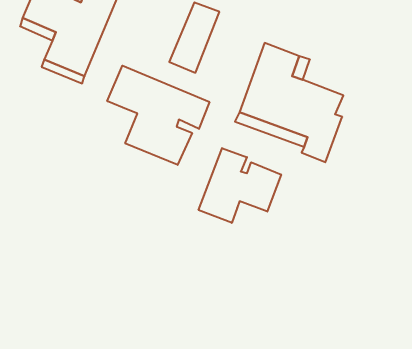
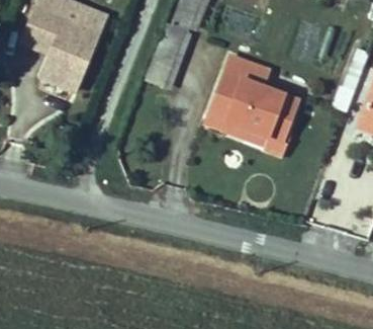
building: [107,66,209,165] -> none
building: [199,148,281,223] -> none

